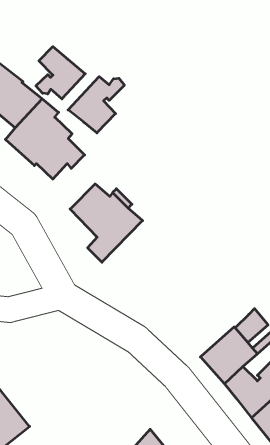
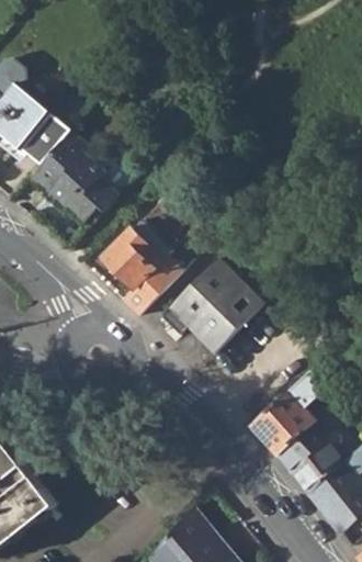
building: [36,47,85,99] -> none
building: [68,77,124,133] -> none
building: none -> [159,257,263,353]

